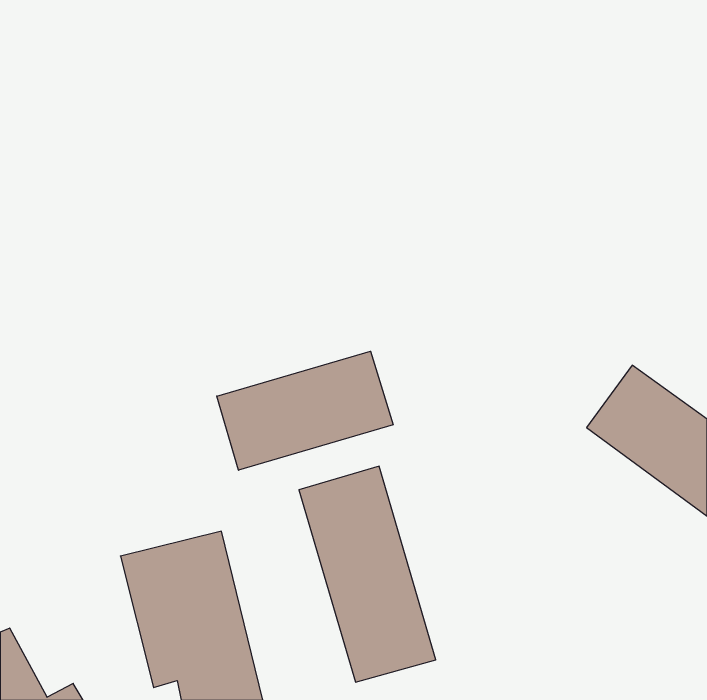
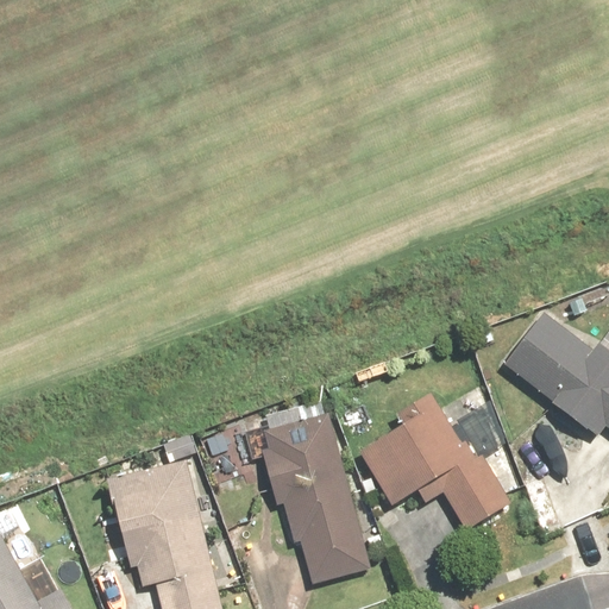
building: [217,351,393,470] -> none
building: none -> [354,391,513,536]

